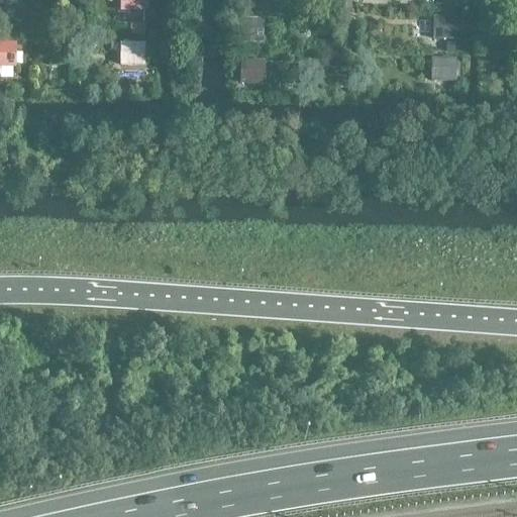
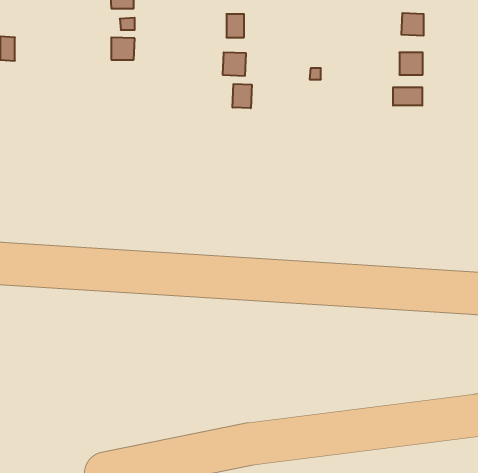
building: none -> [233,84,252,108]
building: none -> [393,87,422,106]

